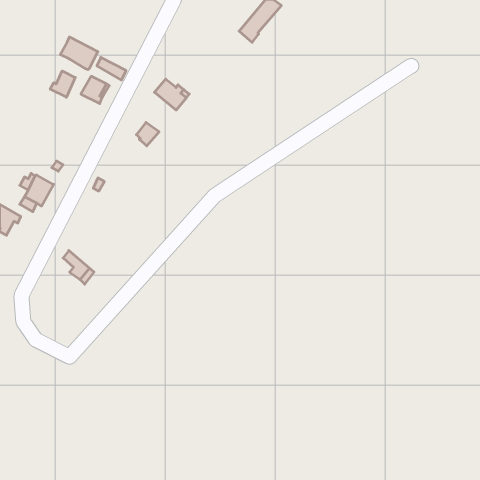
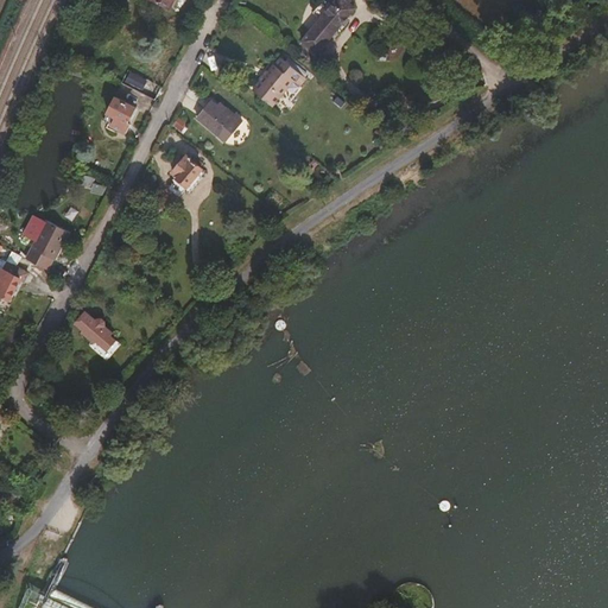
building: [60,37,98,70] -> none
building: none -> [252,56,305,104]
building: [50,71,75,97] -> none

